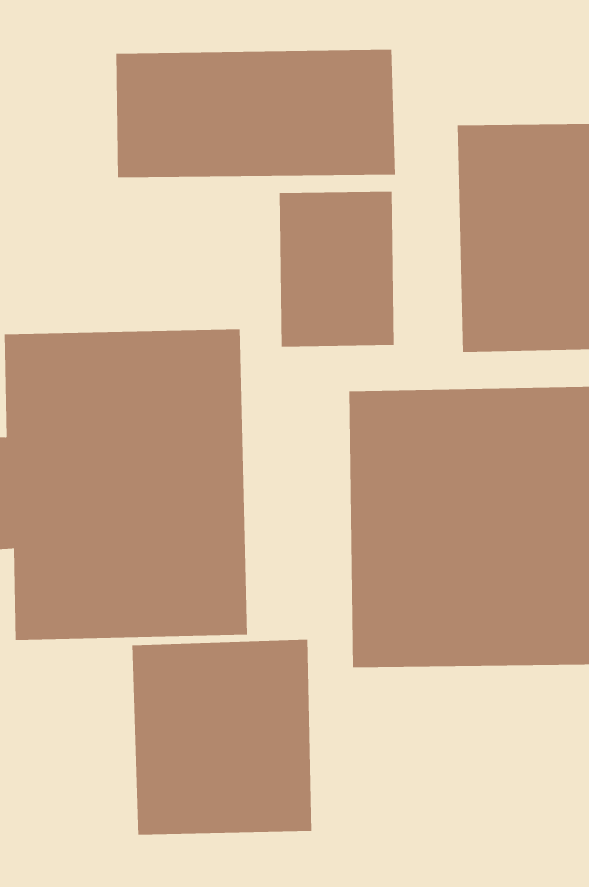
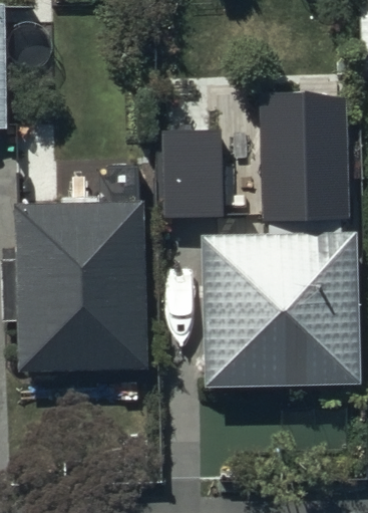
building: [116,49,396,178] -> none
building: [132,639,312,836] -> none

